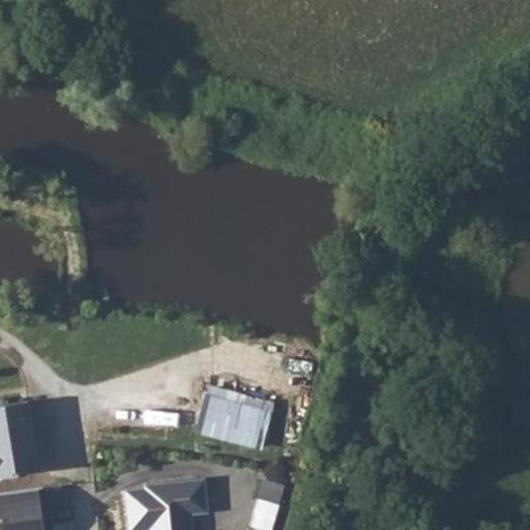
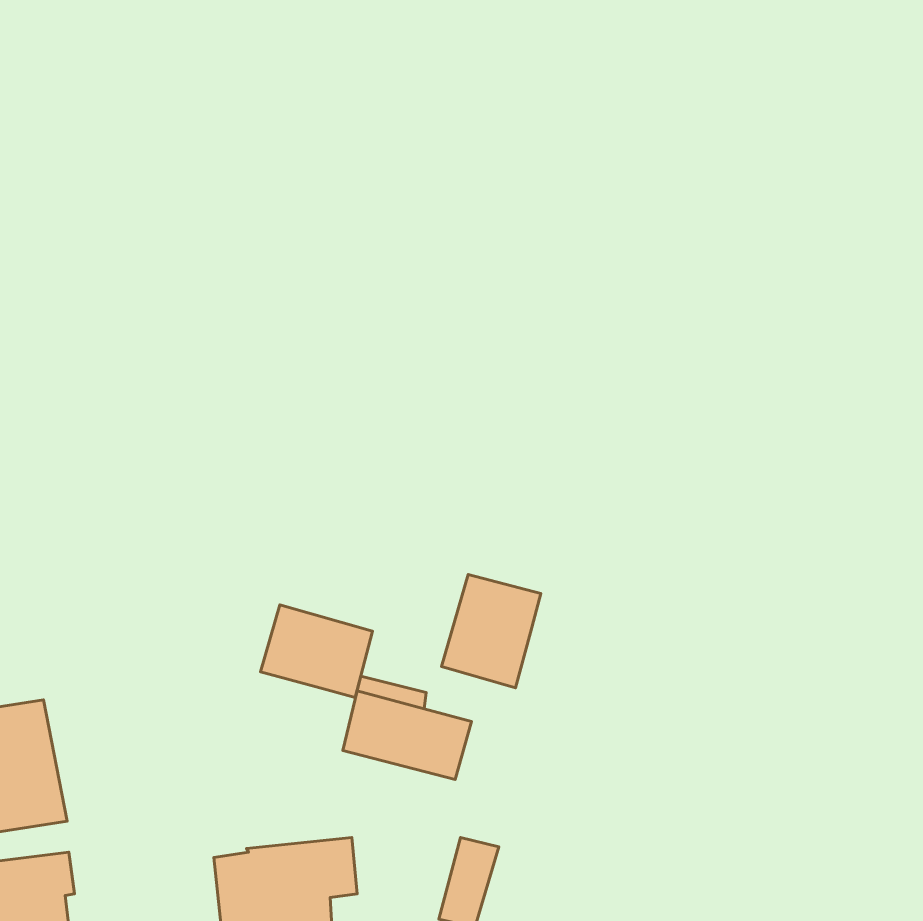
building: none -> [442,574,541,688]
building: none -> [260,605,372,697]

